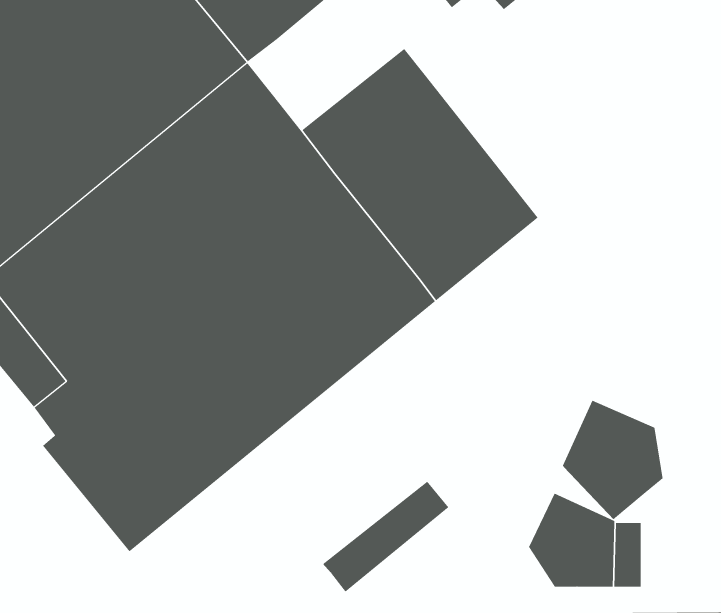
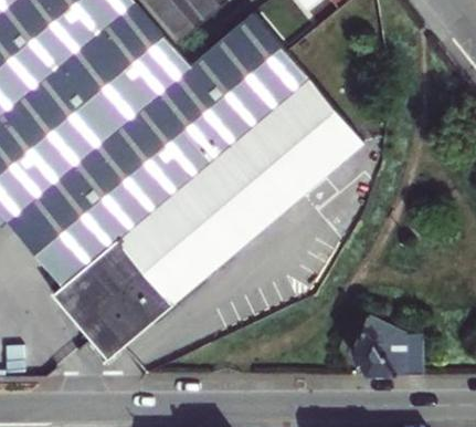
building: none -> [191,11,274,86]
building: [562,400,663,520] -> none
building: [322,481,449,593] -> none

